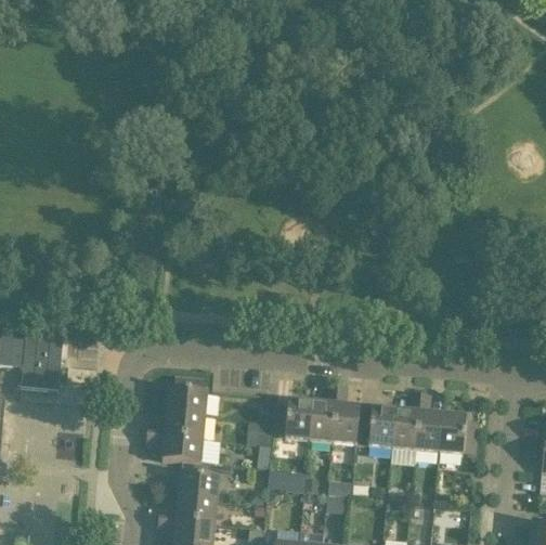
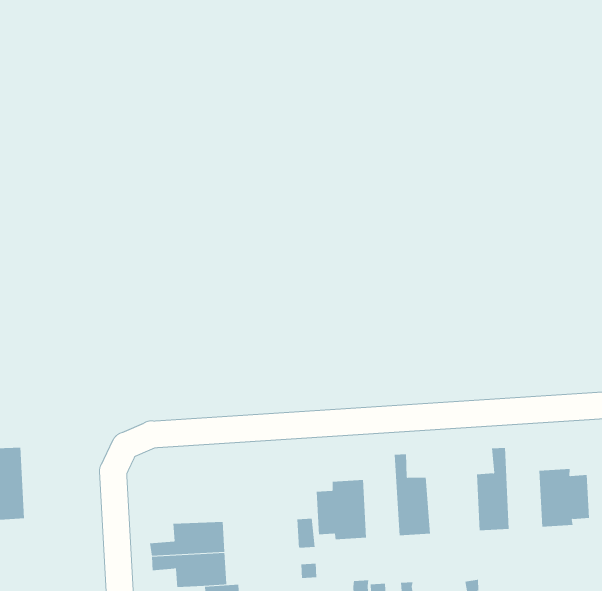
building: [167,375,207,415] -> none
building: [309,384,338,445] -> none
building: [415,392,443,455] -> none
building: [356,405,396,451] -> none

